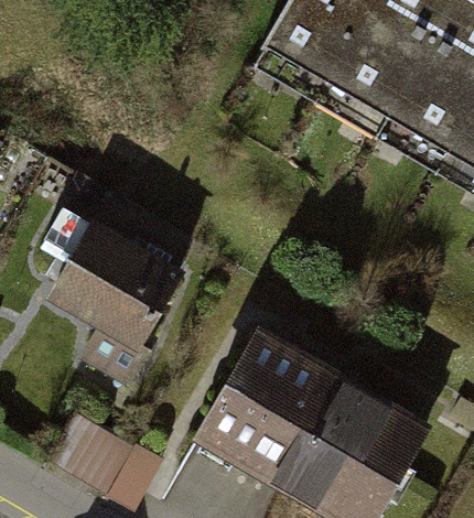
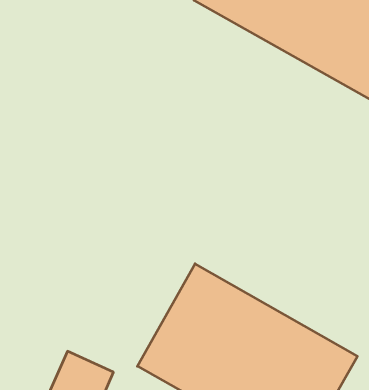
building: [45,227,190,354] -> none

